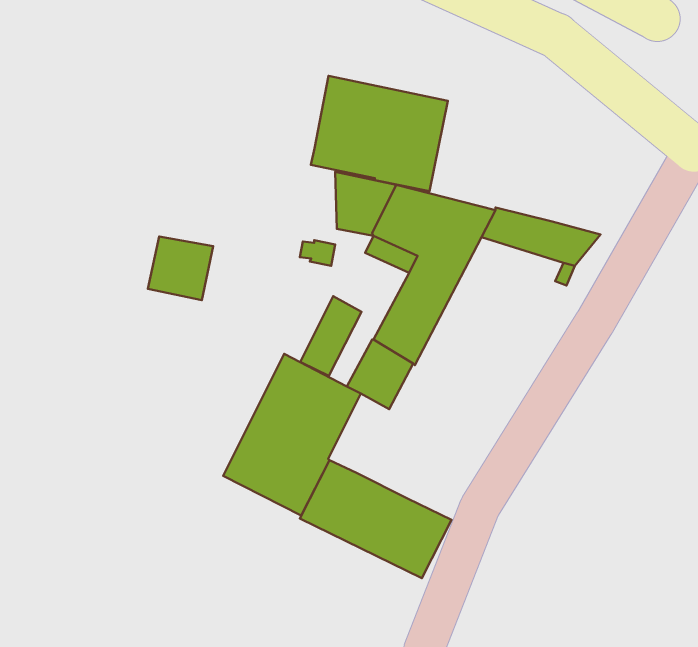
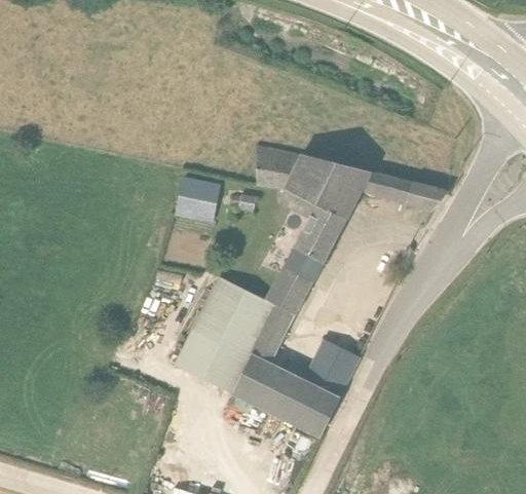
building: [311,76,448,191] -> none
building: [148,236,213,300] -> [174,177,221,223]
building: [301,296,362,376] -> [251,305,295,363]
building: none -> [304,339,361,397]

